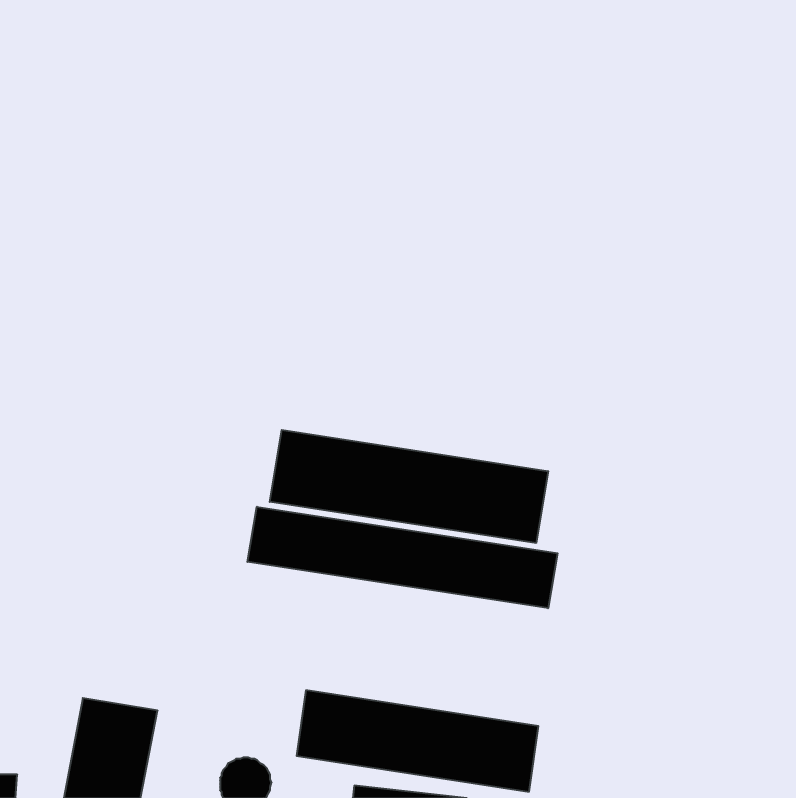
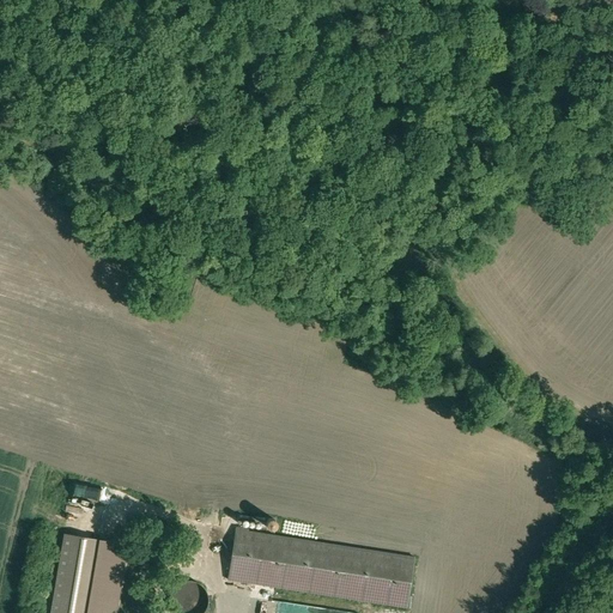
building: [270,430,548,543] -> none
building: [247,507,558,608] -> none

